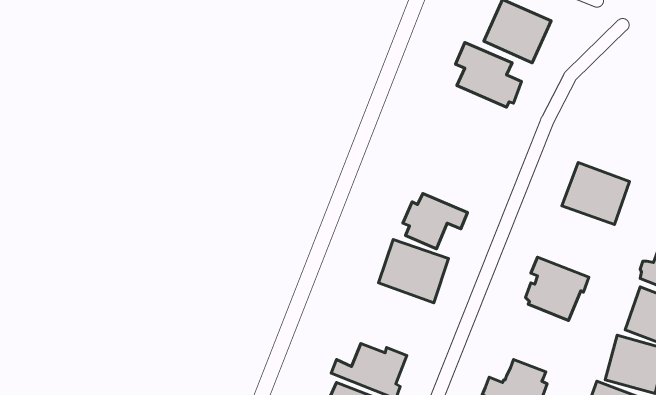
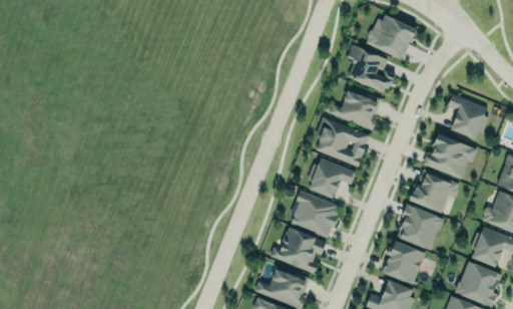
building: none -> [329,90,383,128]
building: none -> [448,93,489,138]
building: none -> [314,118,371,167]
building: none -> [411,170,460,213]
building: none -> [270,227,327,273]
building: none -> [382,239,425,285]

